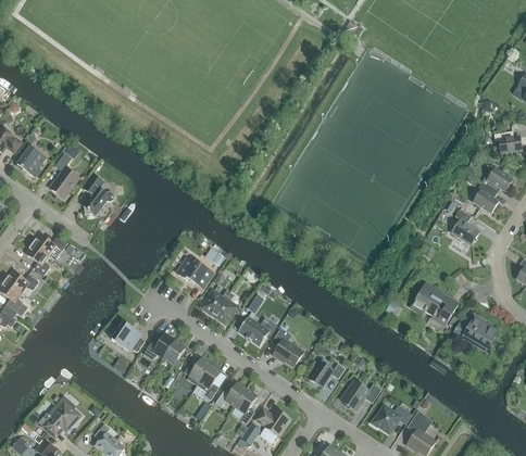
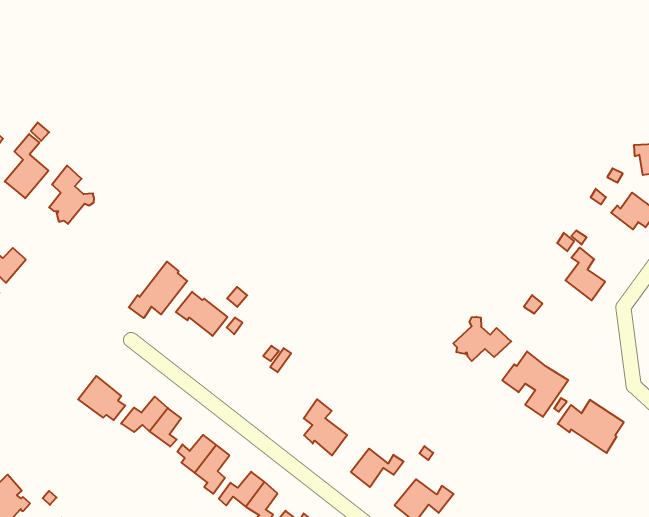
building: [473,181,499,213] -> none
building: none -> [129,262,187,318]
building: none -> [453,317,511,361]
building: [201,289,237,322] -> none
building: [238,315,277,345] -> none

